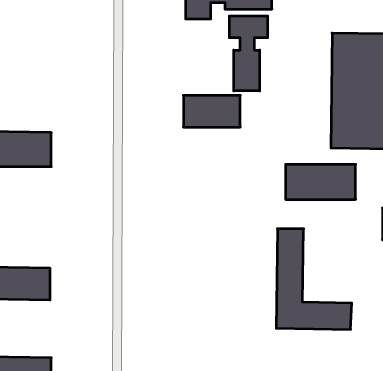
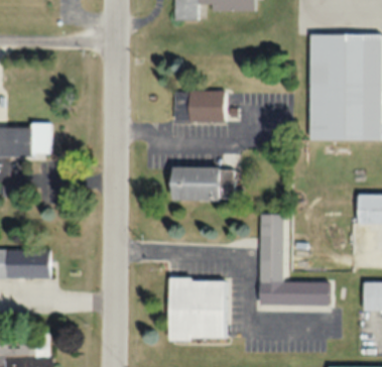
building: [229,16,268,91] -> none
building: [286,164,356,199] -> [170,167,235,200]
building: none -> [168,278,226,339]

